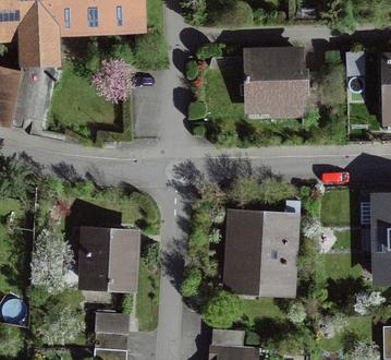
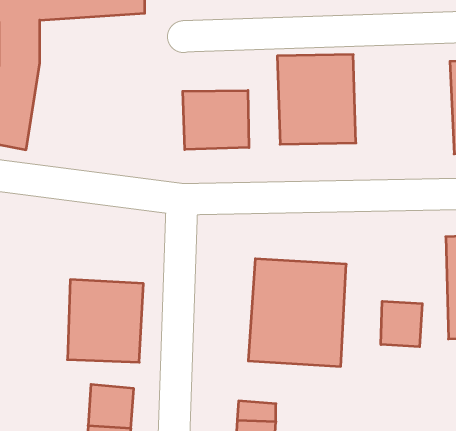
building: none -> [183,90,249,150]
building: none -> [381,301,422,347]

